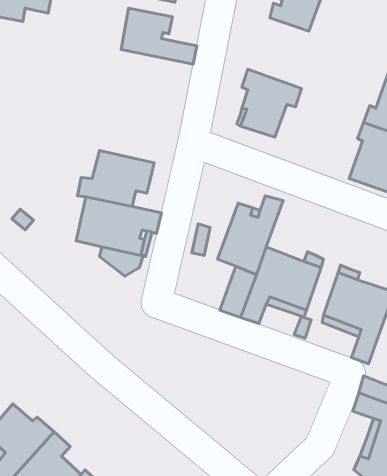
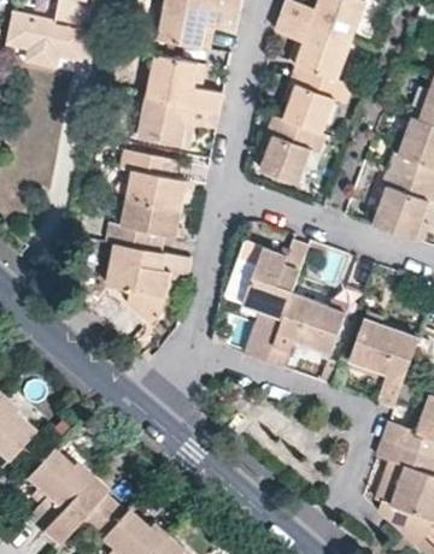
building: none -> [286,64,352,132]
building: none -> [142,95,222,138]
building: none -> [124,140,188,207]

